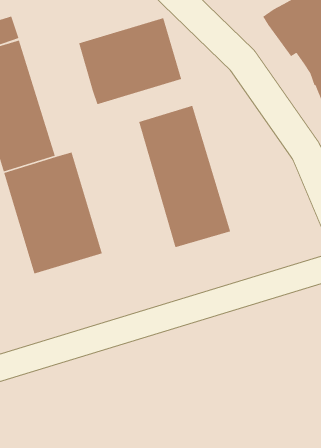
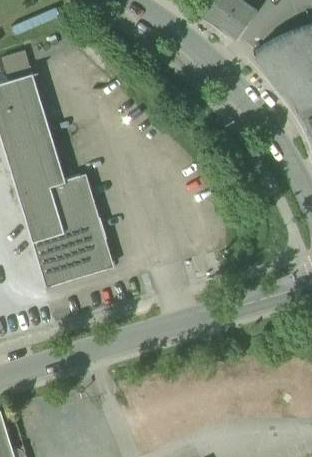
building: [78,17,182,105] -> none
building: [138,105,231,248] -> none

